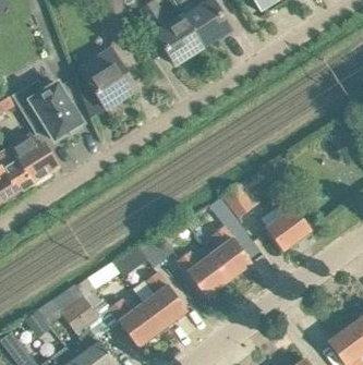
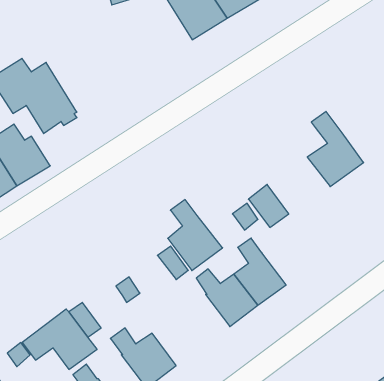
building: [81,49,136,109] -> none
building: [265,190,311,251] -> [307,111,364,187]
building: [143,271,187,329] -> [168,200,223,271]

